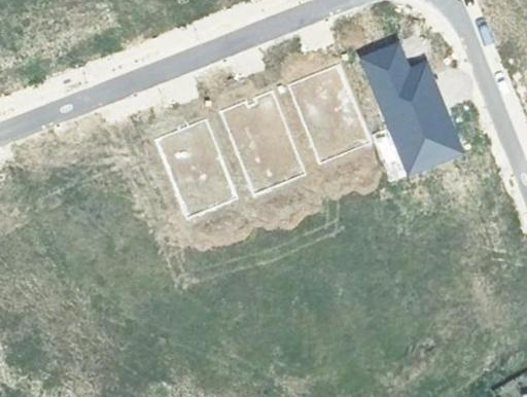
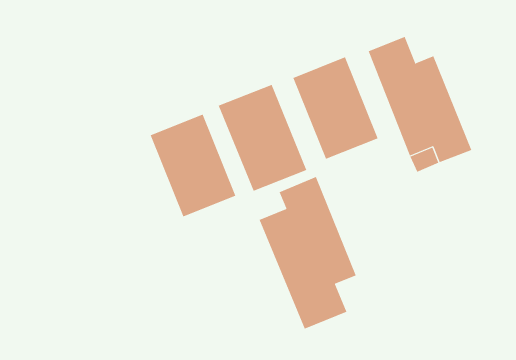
building: none -> [259,176,356,329]

